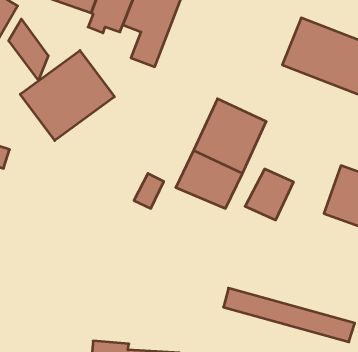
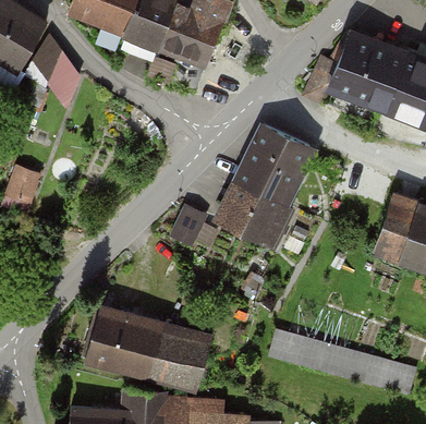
building: [20,50,114,141] -> none
building: [245,169,293,220] -> none
building: none -> [86,307,209,386]

